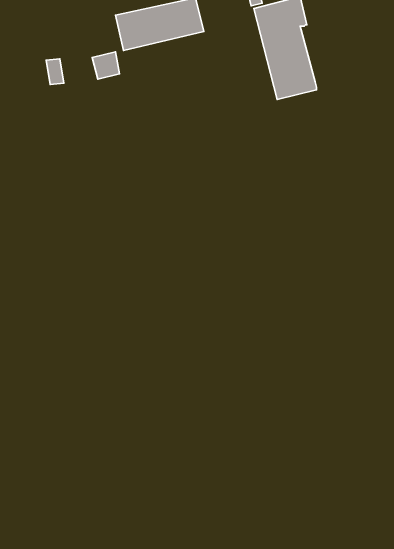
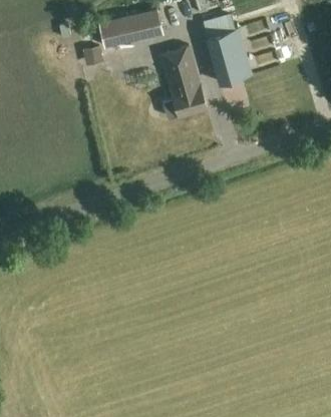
building: none -> [160,45,207,116]

